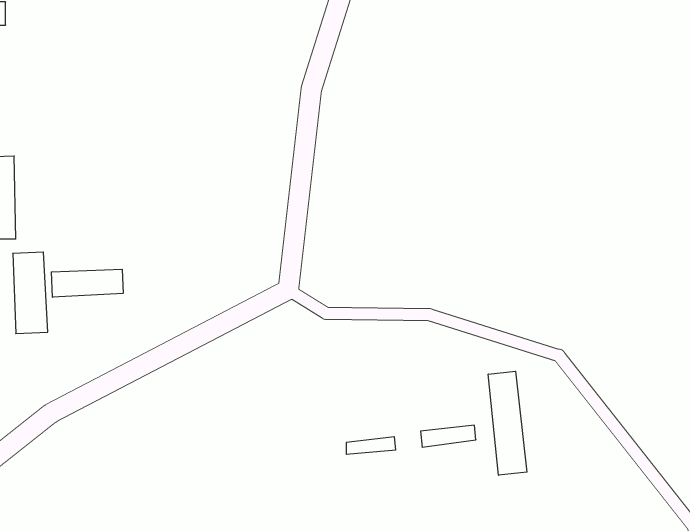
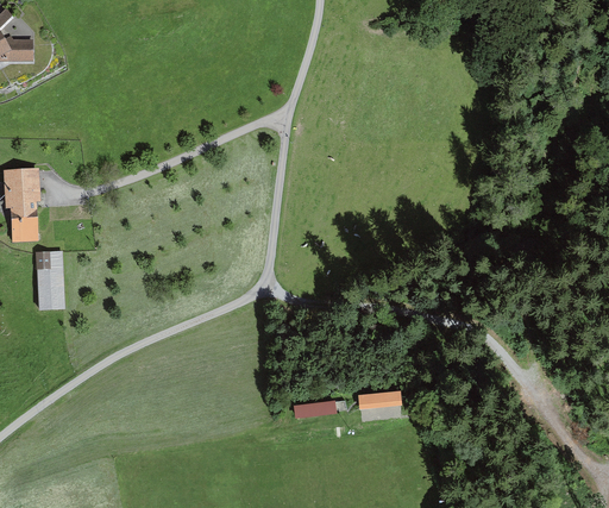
building: [51,269,123,297] -> none
building: [488,371,527,475] -> none

